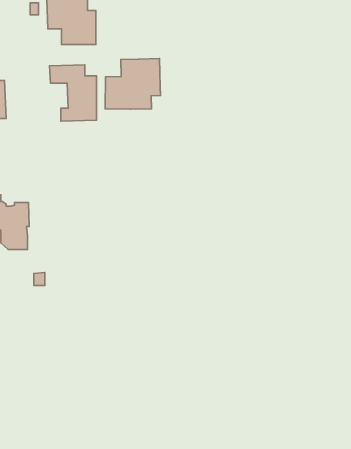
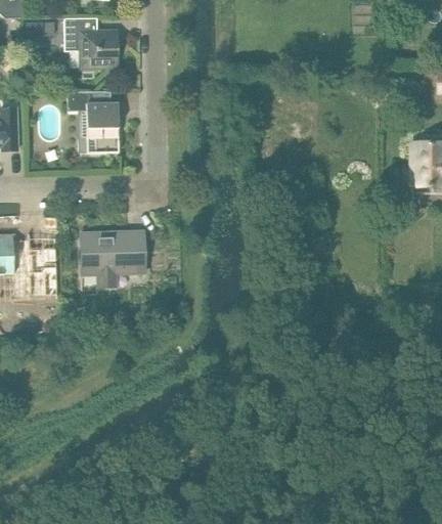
building: [105,59,160,109] -> none
building: none -> [80,231,144,287]

